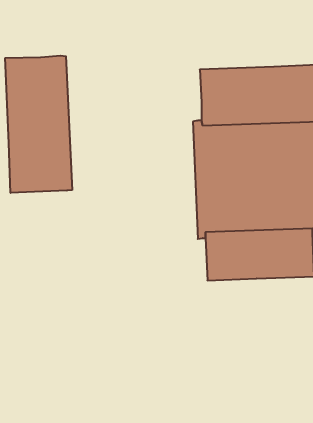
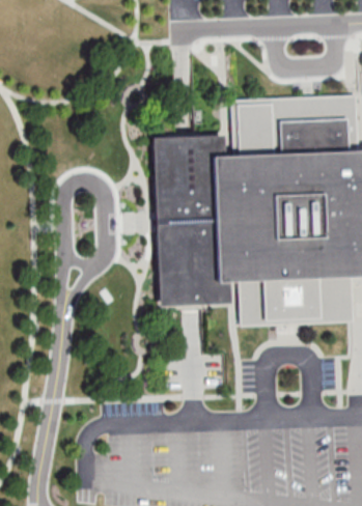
building: [5,56,72,193] -> none
building: none -> [152,134,230,306]

